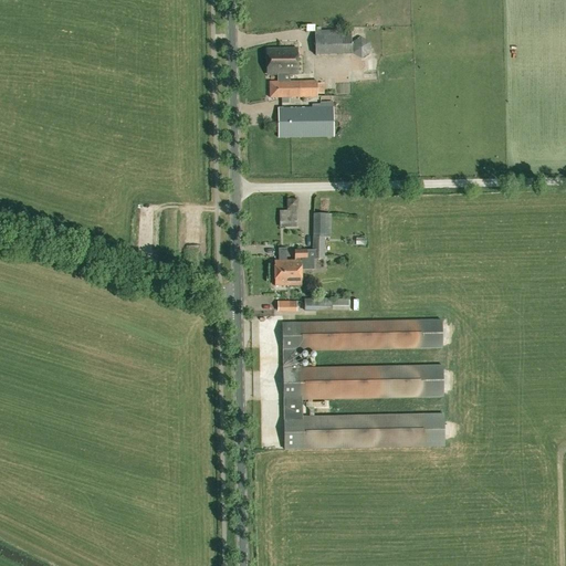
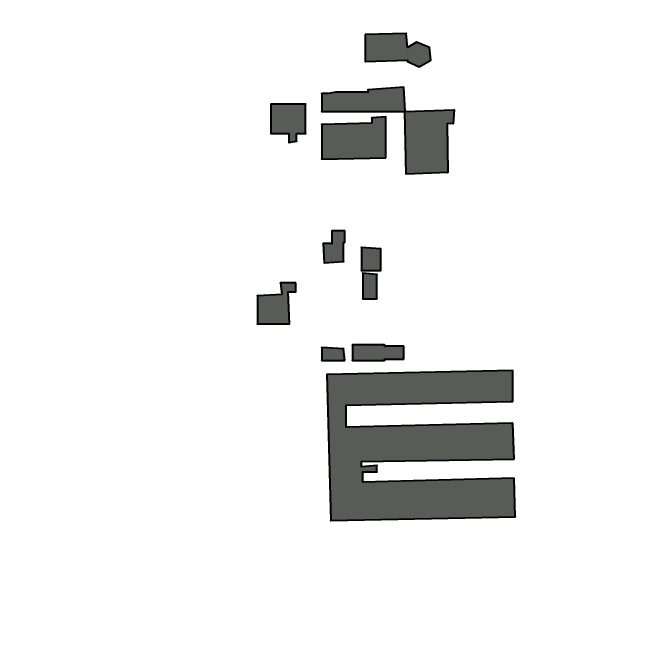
building: [268,48,297,81] -> [271,104,306,143]
building: none -> [405,110,454,174]
building: [274,249,307,284] -> [257,283,296,324]

